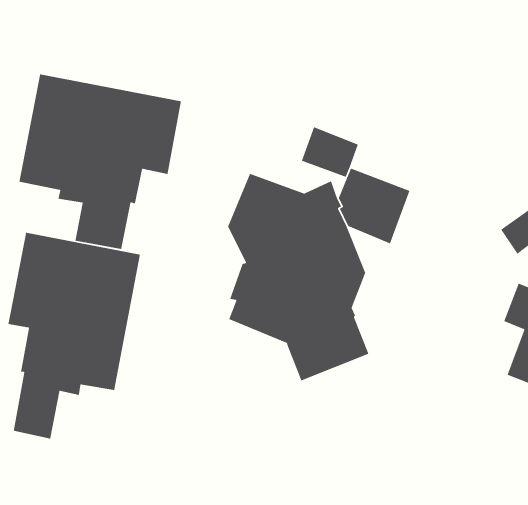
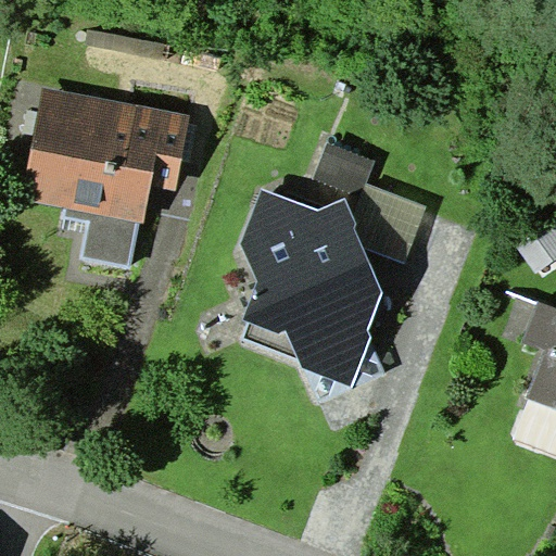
building: [7,232,141,439] -> none

